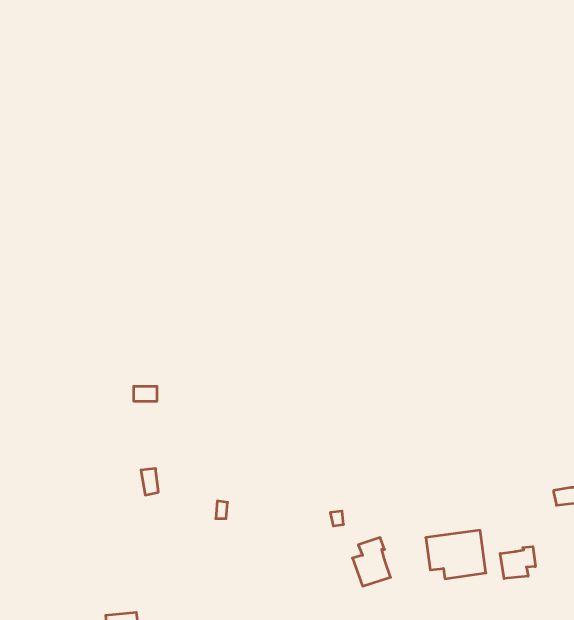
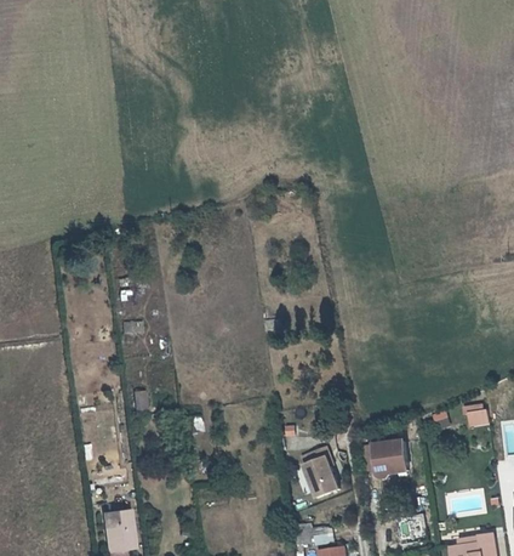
building: [500,547,535,579] -> none

